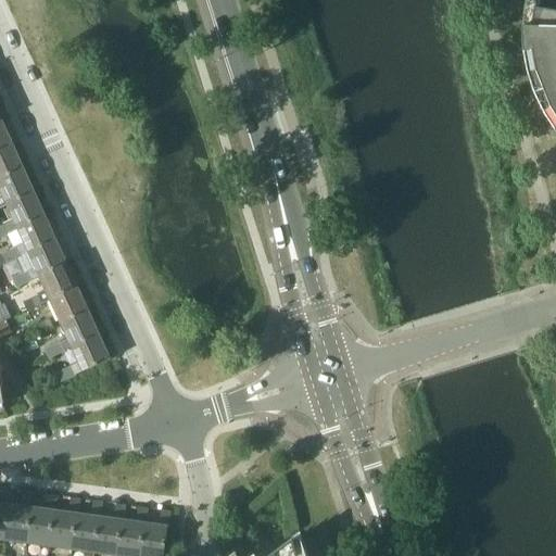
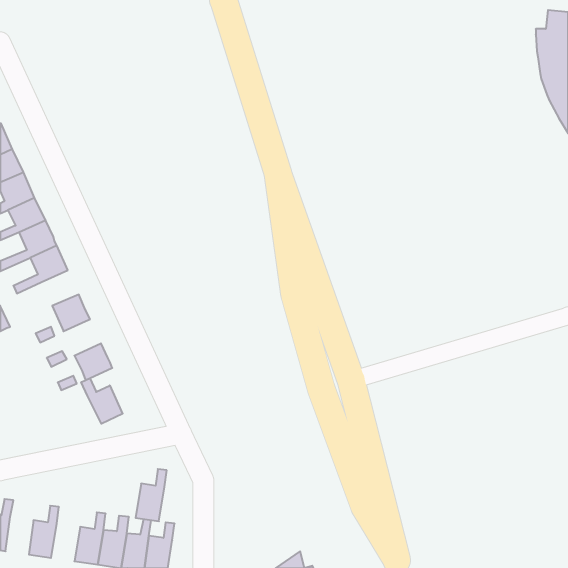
building: [24,264,77,311] -> none
building: [62,312,99,348] -> none
building: none -> [81,378,123,424]
building: [5,491,35,542] -> none
building: [50,497,80,548] -> [136,469,167,521]

